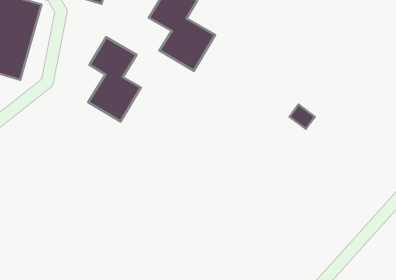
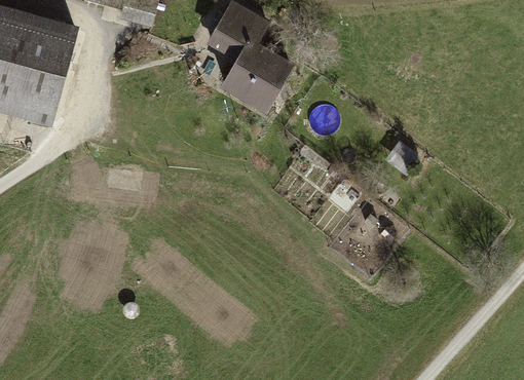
building: [88,37,141,122] -> none

